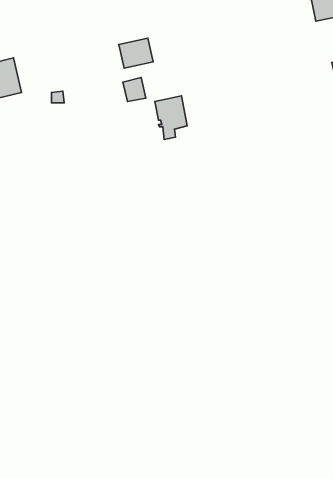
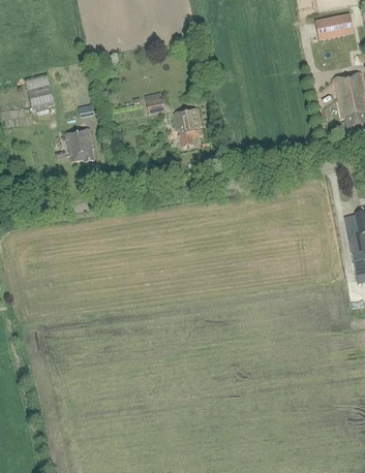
building: [119,38,153,68] -> none
building: none -> [65,129,94,163]

